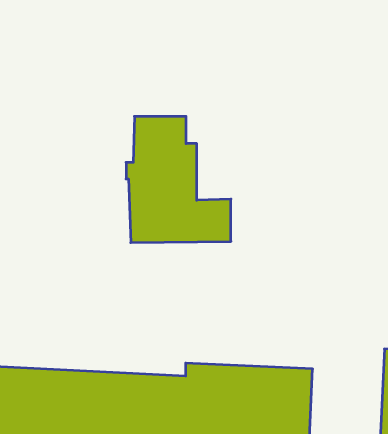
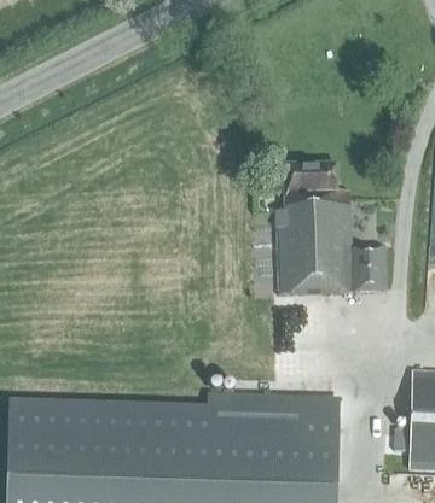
building: [126,116,231,243] -> [277,170,384,299]

